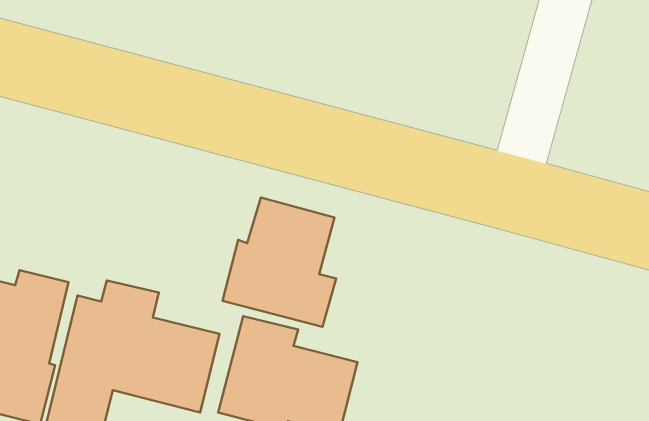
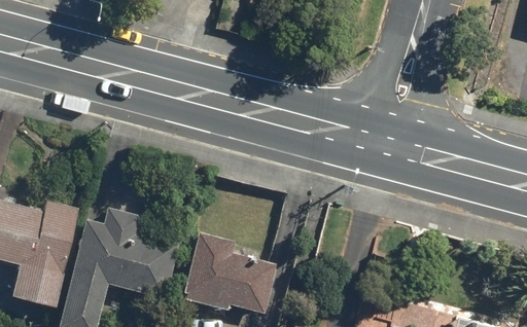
building: [222,198,336,327] -> none

